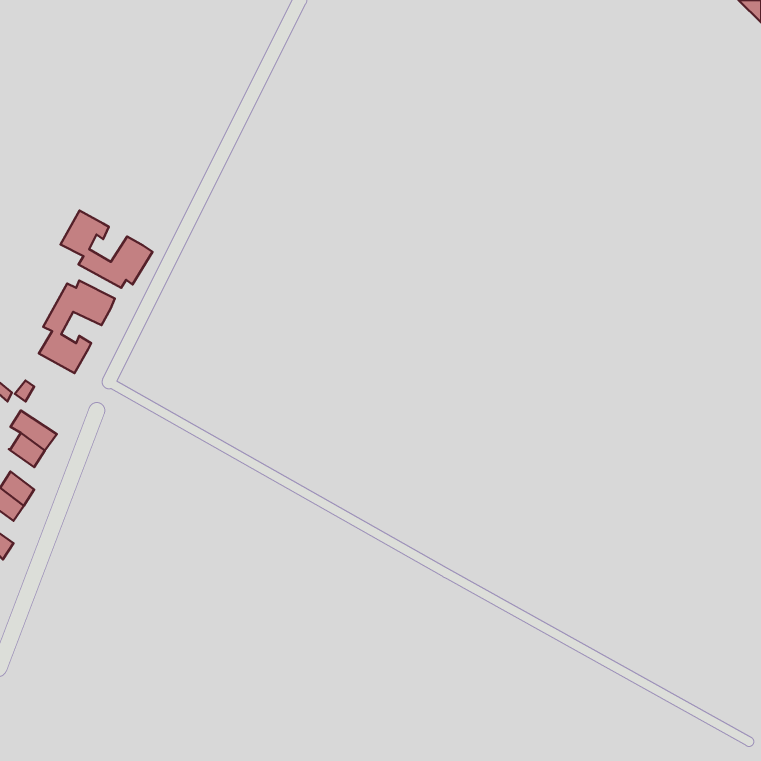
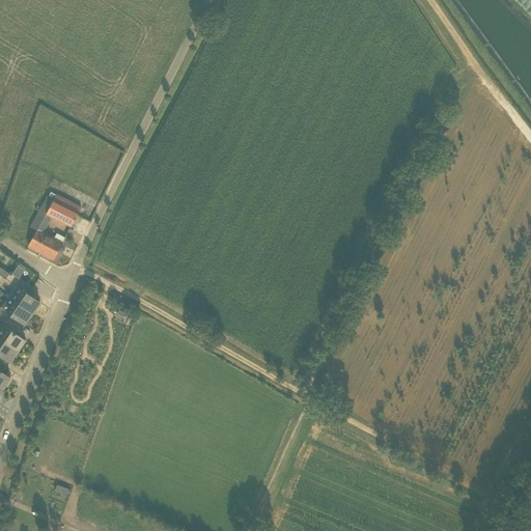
building: [60,211,152,288] -> none

